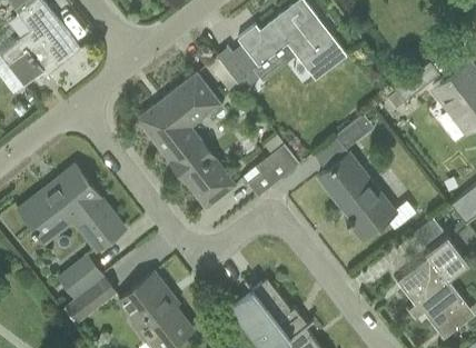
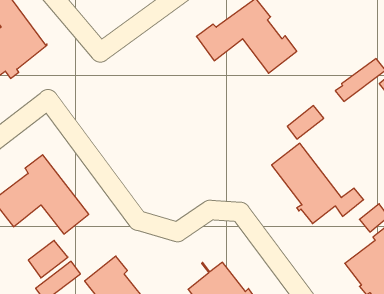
building: [216,48,260,91] -> none
building: [137,72,235,208] -> none
building: [249,145,299,195] -> none

